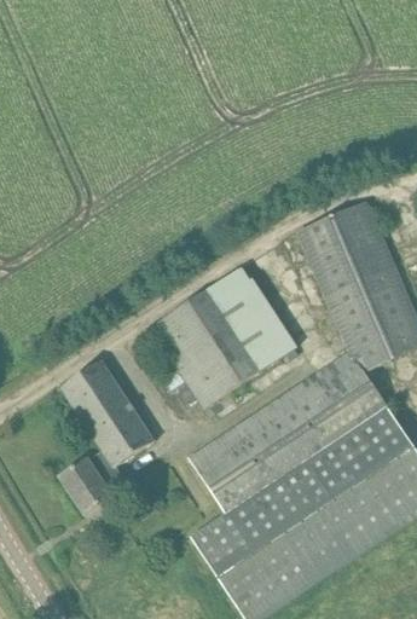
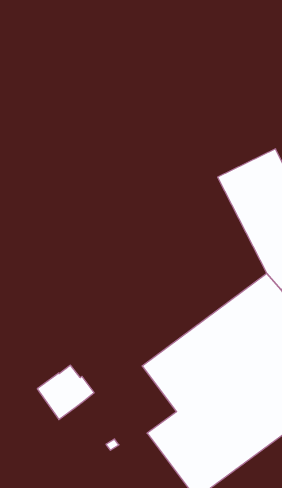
building: [152,270,299,409] -> none
building: [63,359,156,465] -> none

